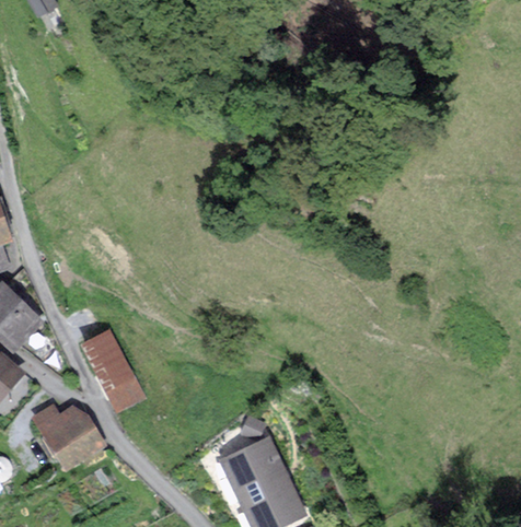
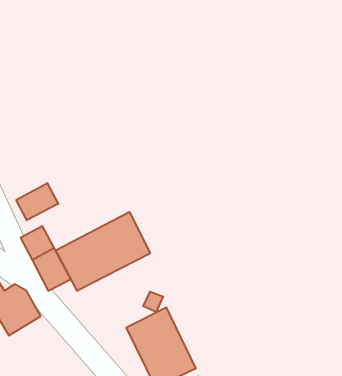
building: none -> [16,183,58,220]
building: none -> [56,212,150,291]

